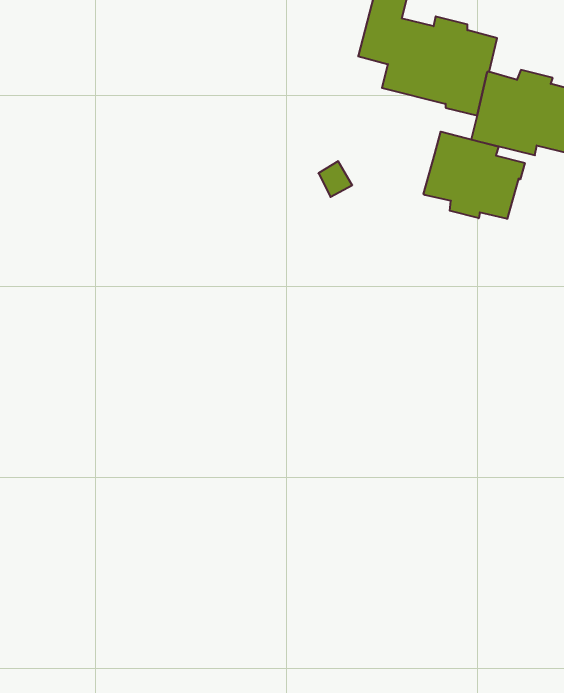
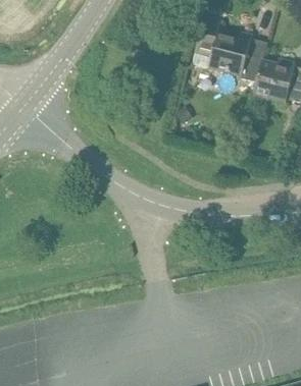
building: [424,132,525,219] -> none

